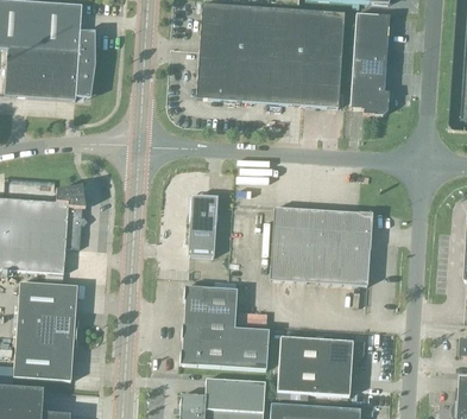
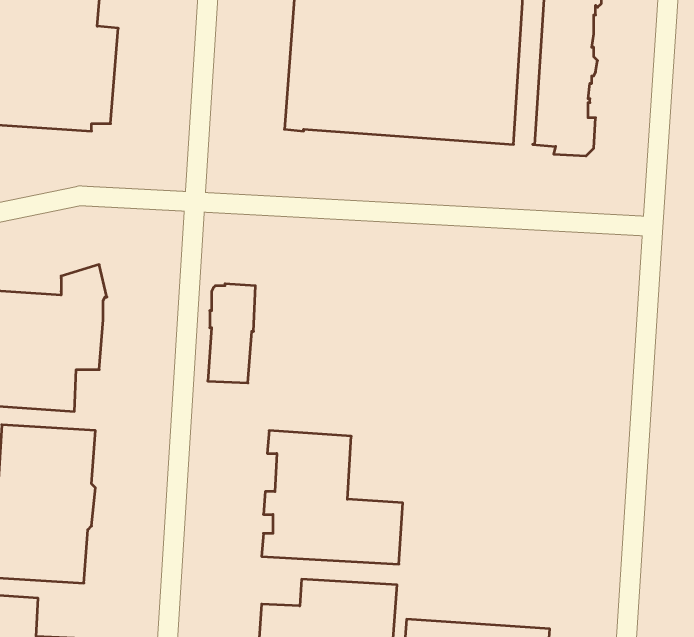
building: [189,193,219,255] -> [208,284,255,383]
building: [270,207,374,285] -> none
building: [277,336,365,395] -> none

